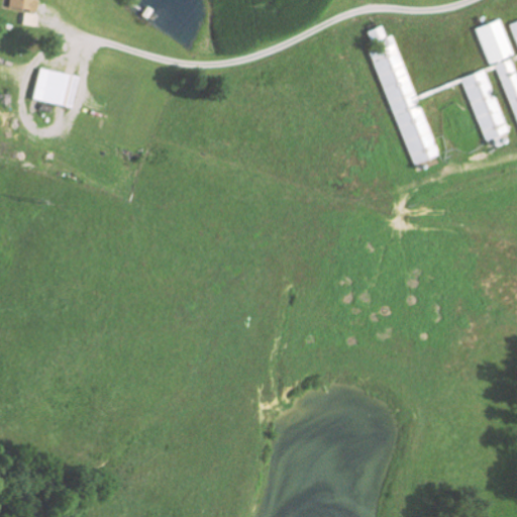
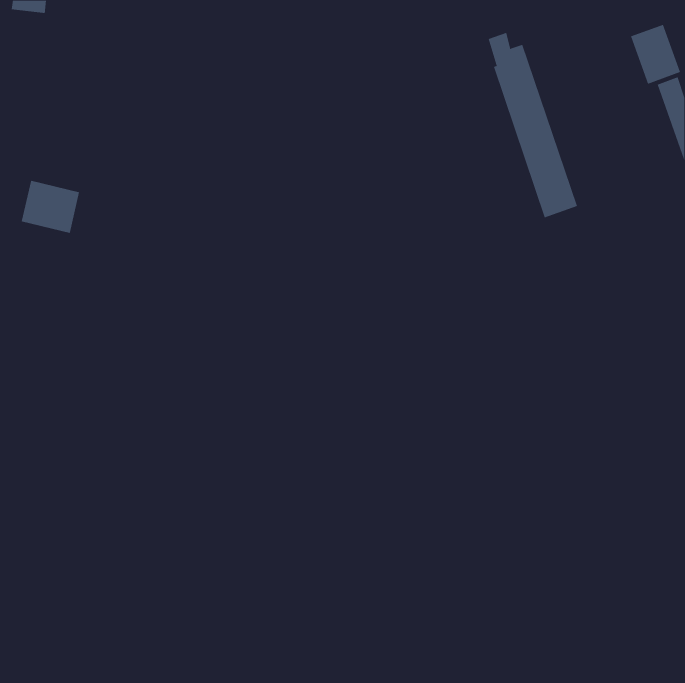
building: [32,68,77,108] -> [21,180,80,234]
building: [460,69,508,141] -> none

